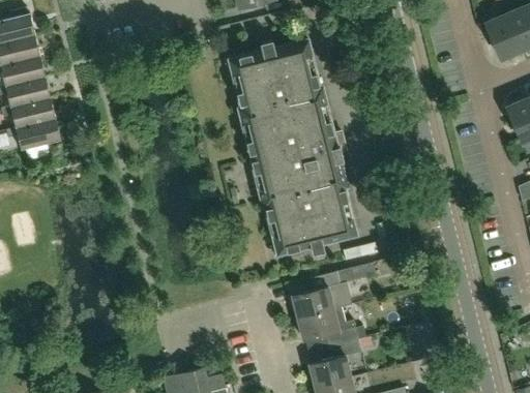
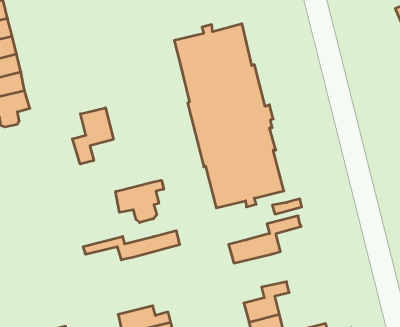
building: none -> [72,108,113,164]
building: none -> [116,180,164,223]
building: none -> [83,231,180,260]
building: [298,307,365,345] -> none

